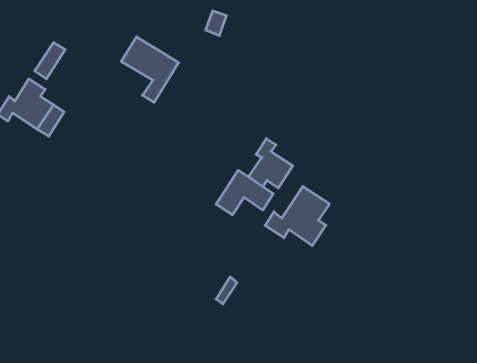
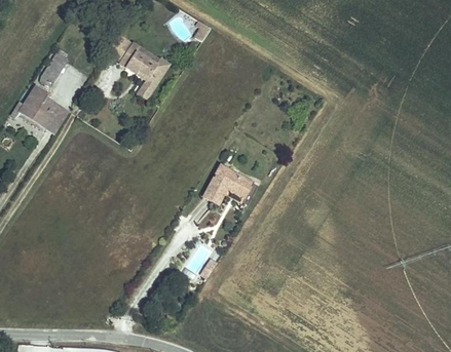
building: [249,138,293,188] -> none
building: [265,186,329,246] -> none

